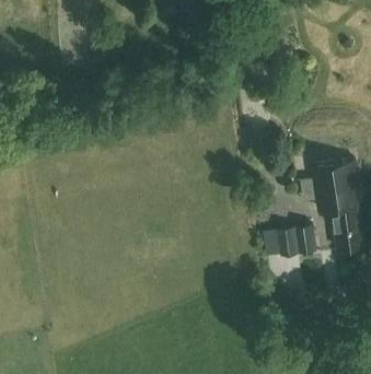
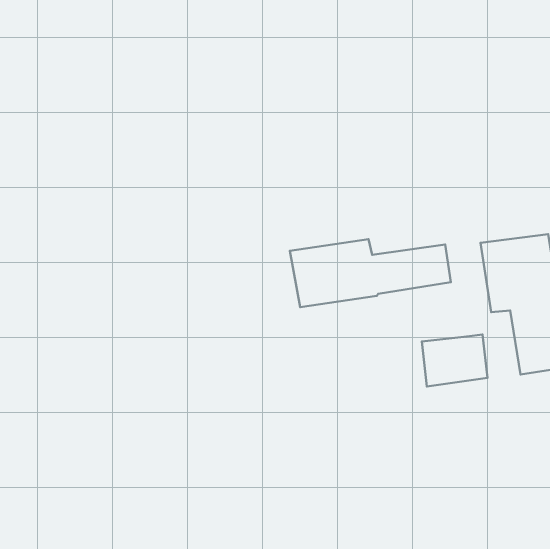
building: none -> [290,239,451,307]

